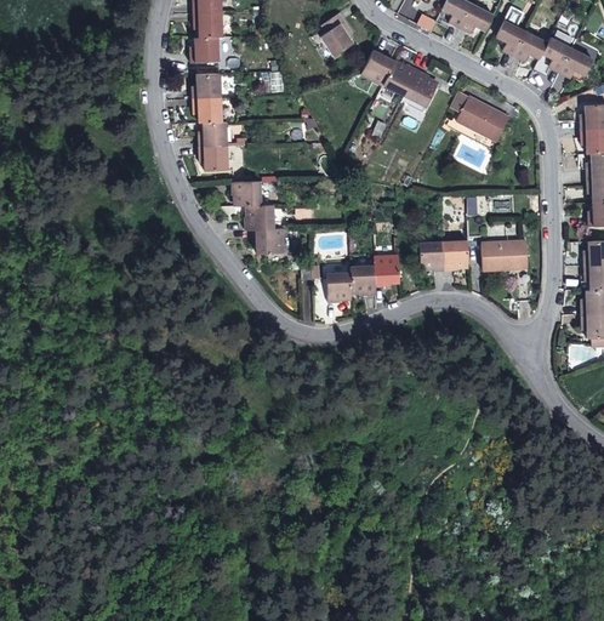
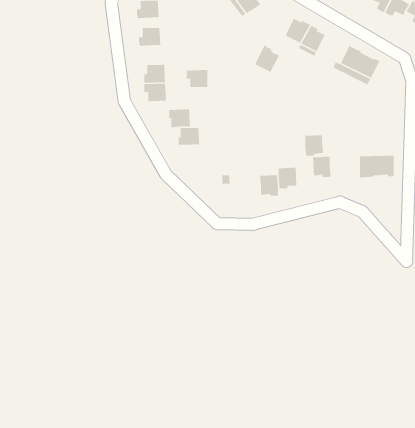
building: [361,46,395,84] -> [254,44,280,73]
building: [193,97,222,121] -> [186,69,208,88]
building: [252,227,281,252] -> none
building: [444,240,469,269] -> [304,134,324,157]
building: [327,273,352,302] -> none

